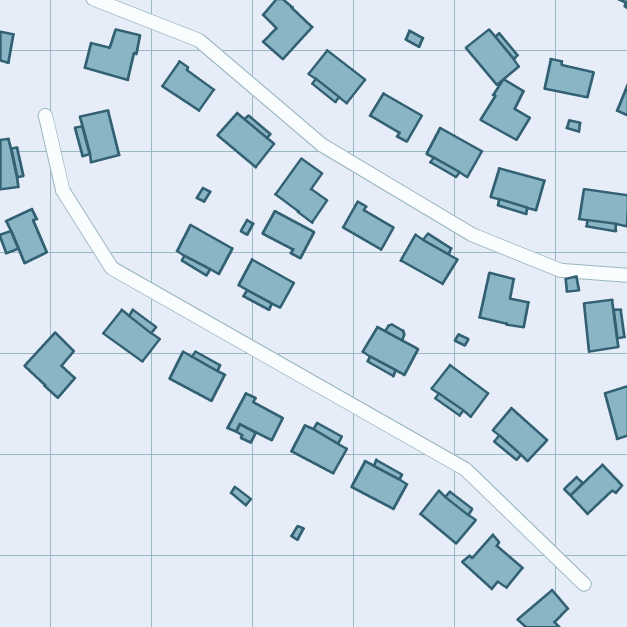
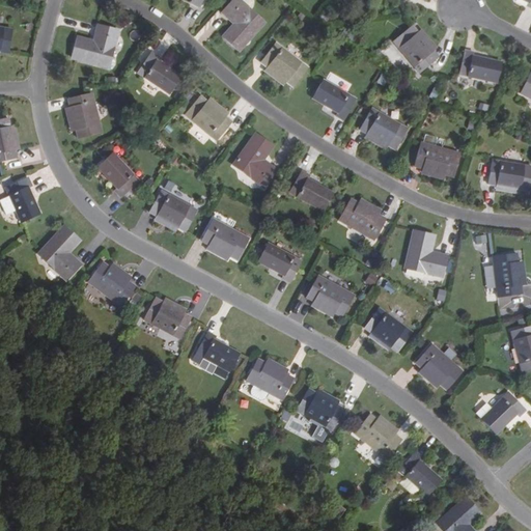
building: [481,79,530,140] -> none
building: none -> [97,152,139,197]
building: [263,211,314,258] -> [258,243,302,282]
building: [25,333,75,398] -> [38,225,81,280]

